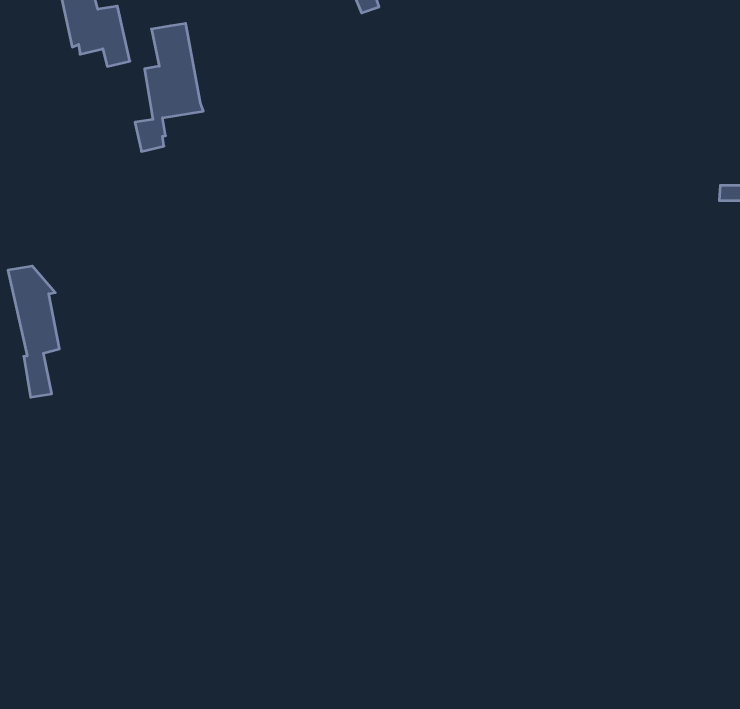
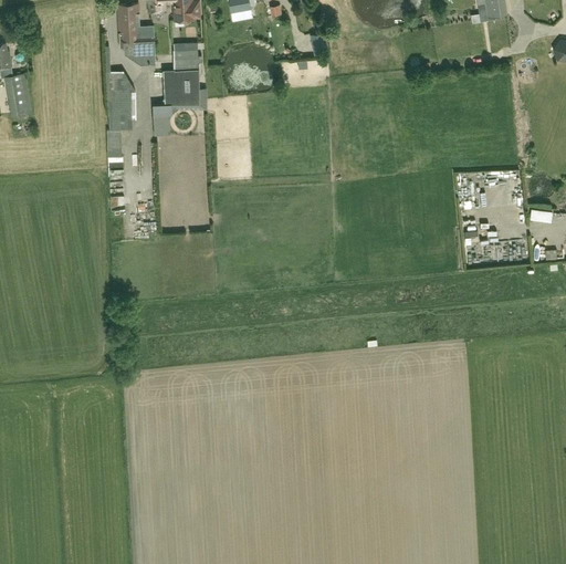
building: [8,266,59,397] -> [106,71,135,157]

